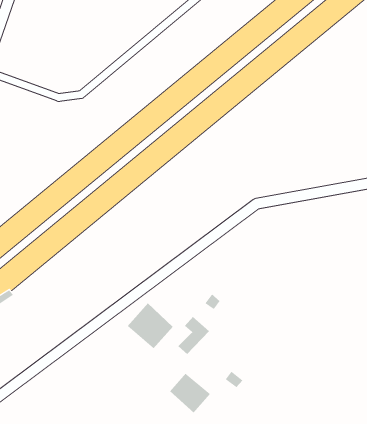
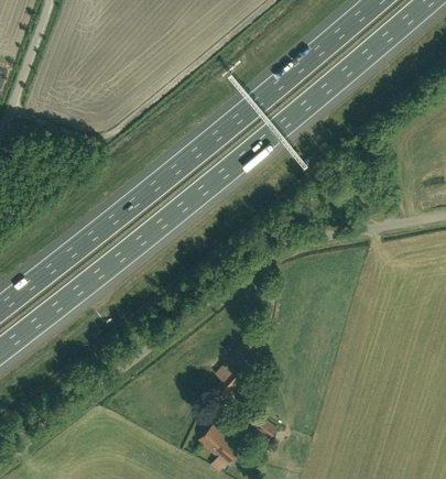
building: [127,302,173,349] -> none

